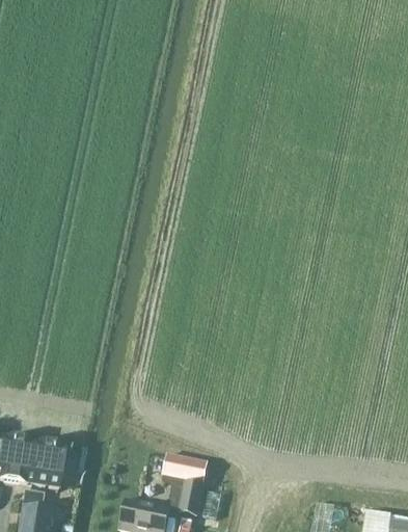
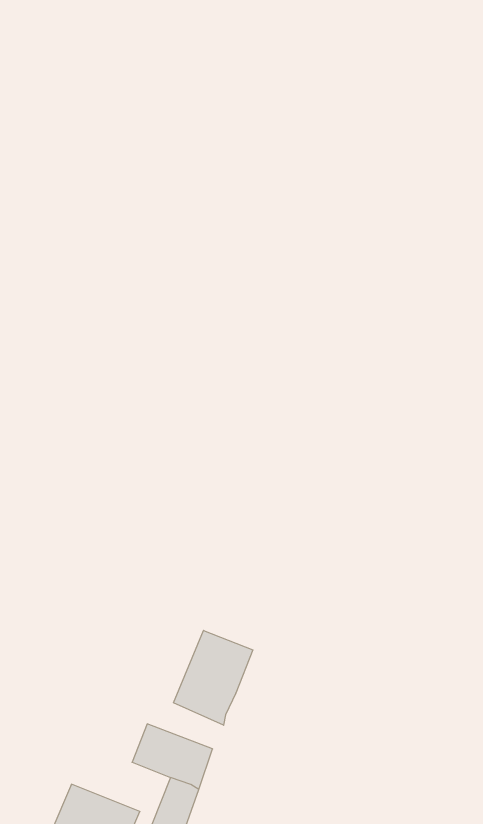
building: none -> [174,630,253,725]

